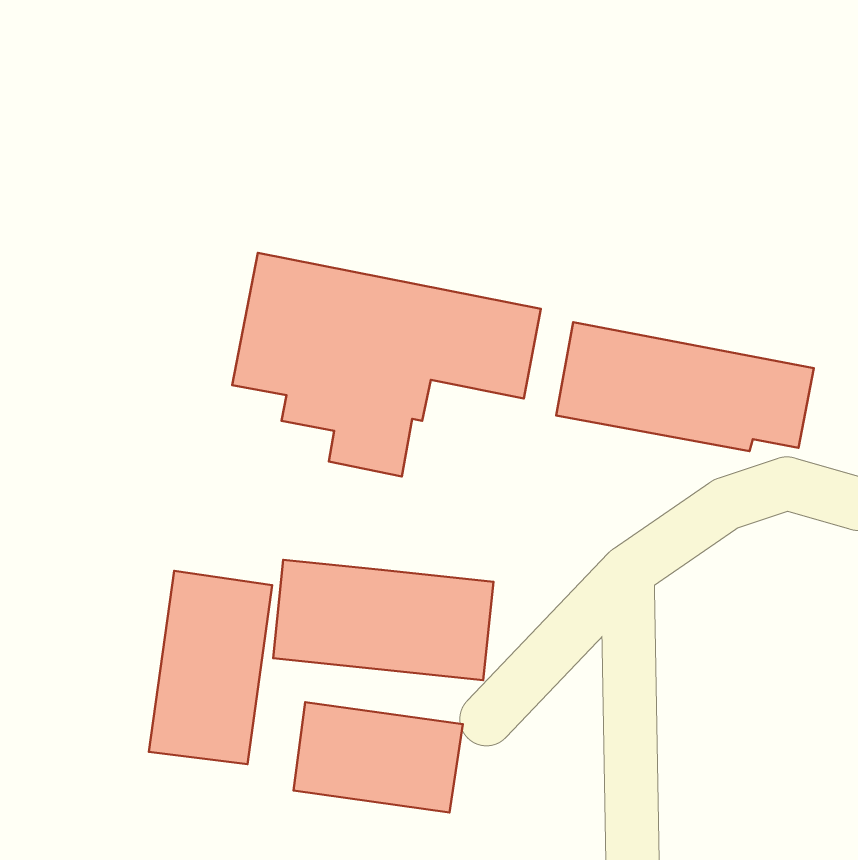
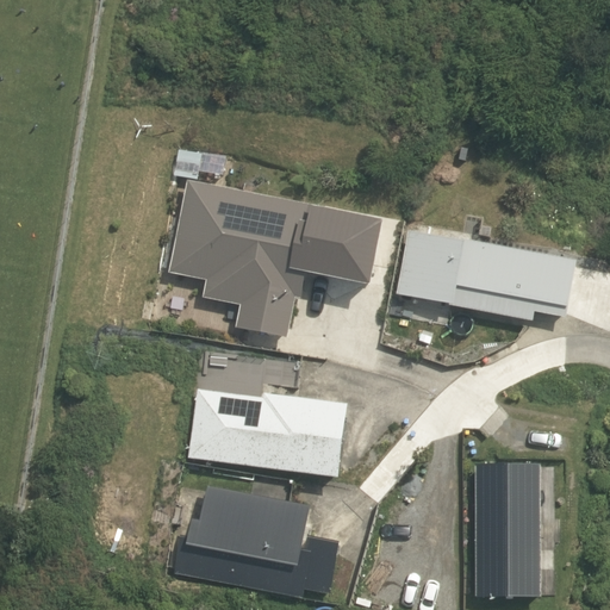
building: [149,571,272,764] -> none
building: none -> [473,462,547,597]

